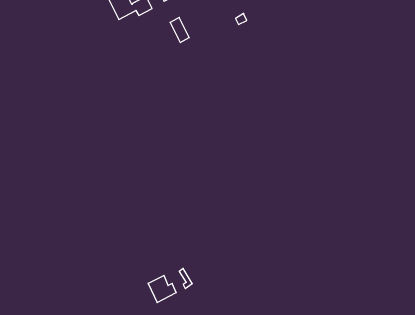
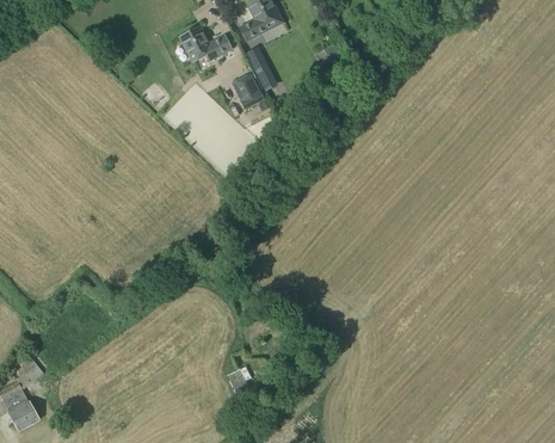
building: none -> [234,73,265,109]

